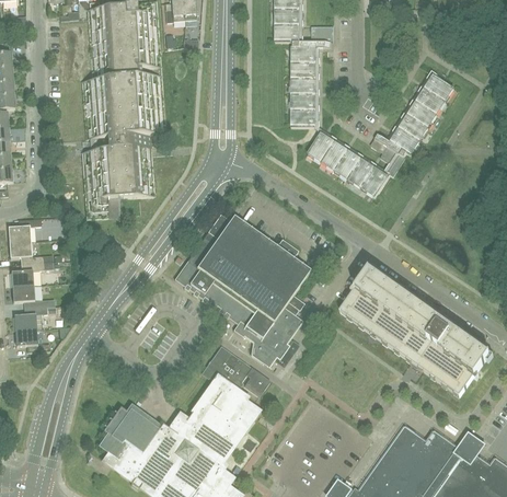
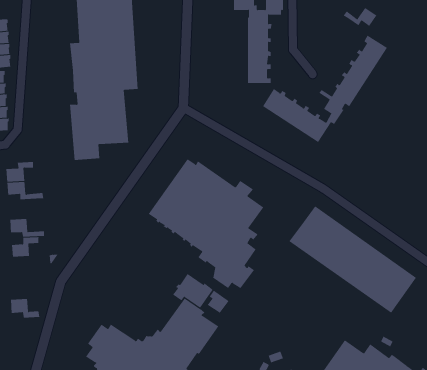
building: none -> [343,7,377,27]
building: [12,261,45,285] -> none
building: [16,327,51,350] -> [10,299,40,318]

